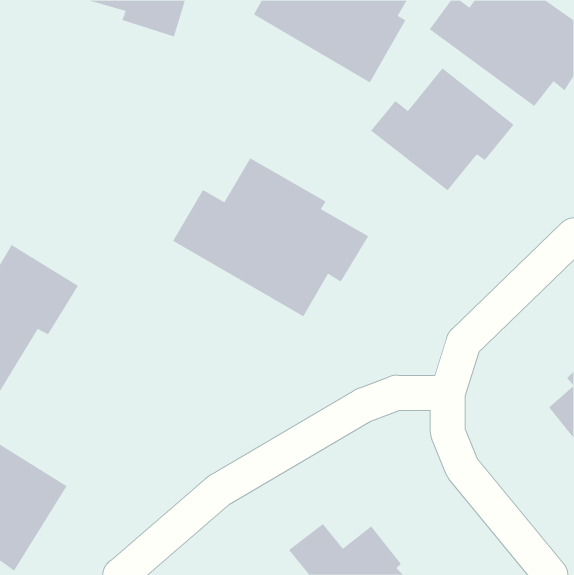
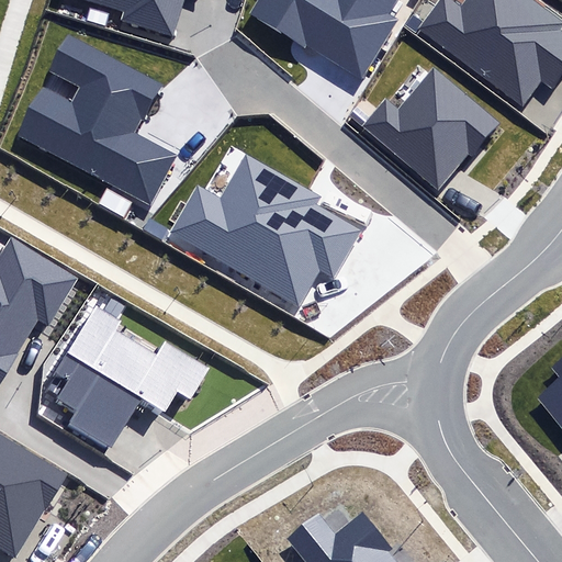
building: none -> [14,36,176,206]
building: none -> [55,304,209,449]

